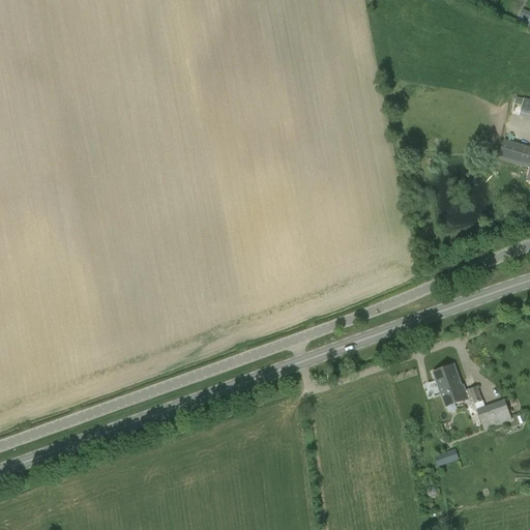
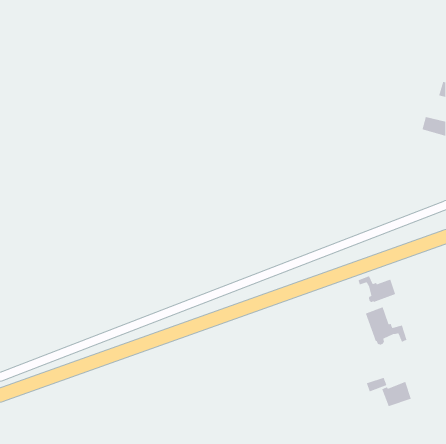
building: none -> [358,275,396,303]
building: [476,398,512,429] -> [381,381,412,407]

